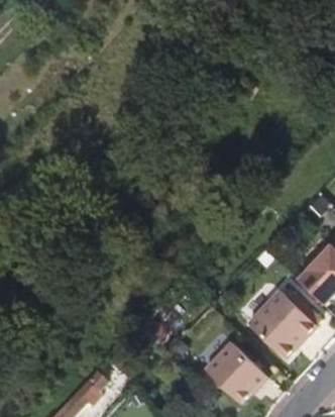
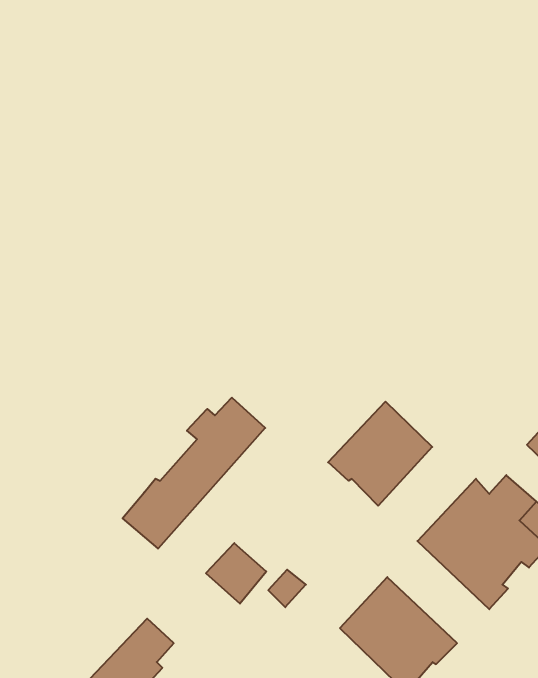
building: none -> [123,398,265,549]
building: none -> [328,402,432,506]

